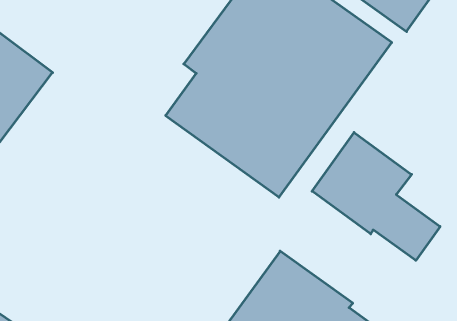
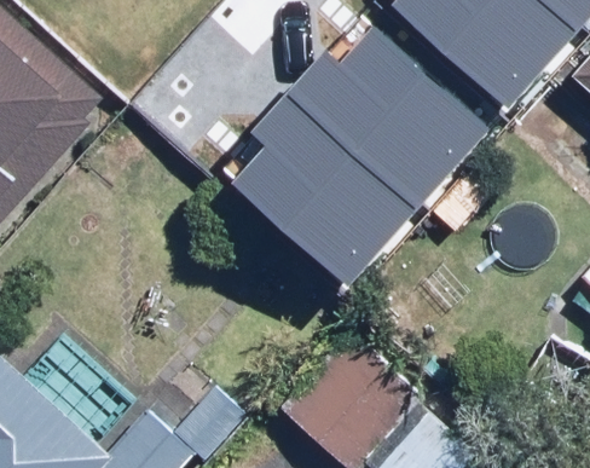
building: [312,132,440,260] -> none

